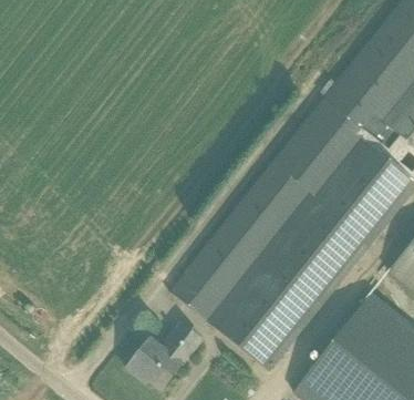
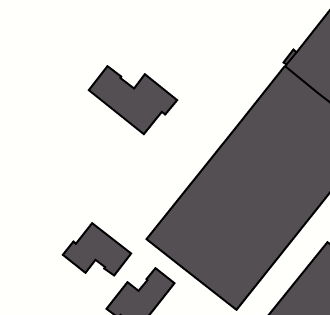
building: none -> [89,66,177,134]
building: none -> [63,223,131,276]

